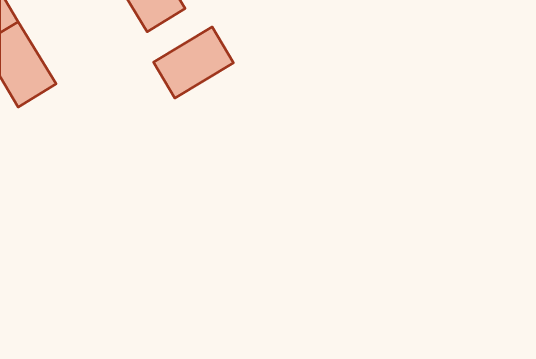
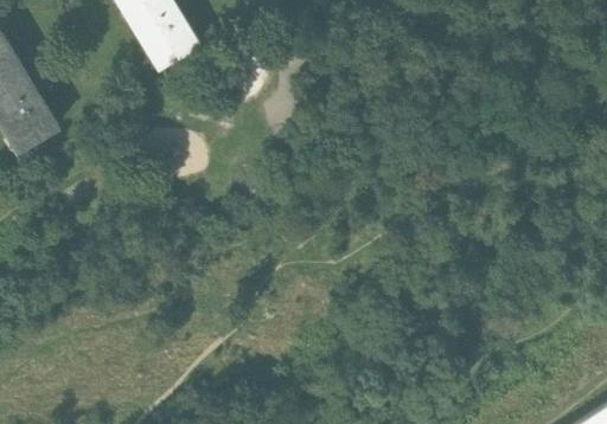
building: [153,27,234,98] -> none

